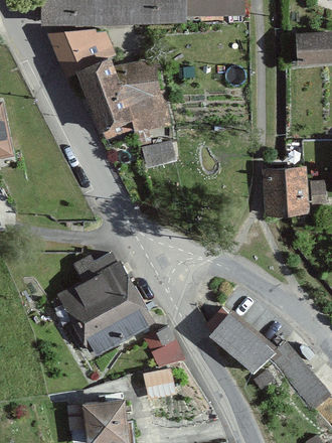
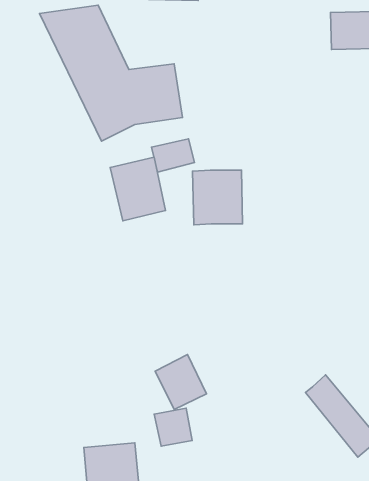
building: none -> [110,157,166,221]
building: [267,167,309,213] -> [192,170,243,225]
building: [55,262,151,356] -> none
building: [210,310,277,371] -> none

